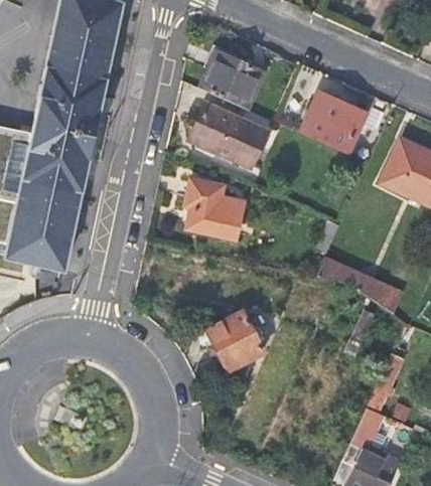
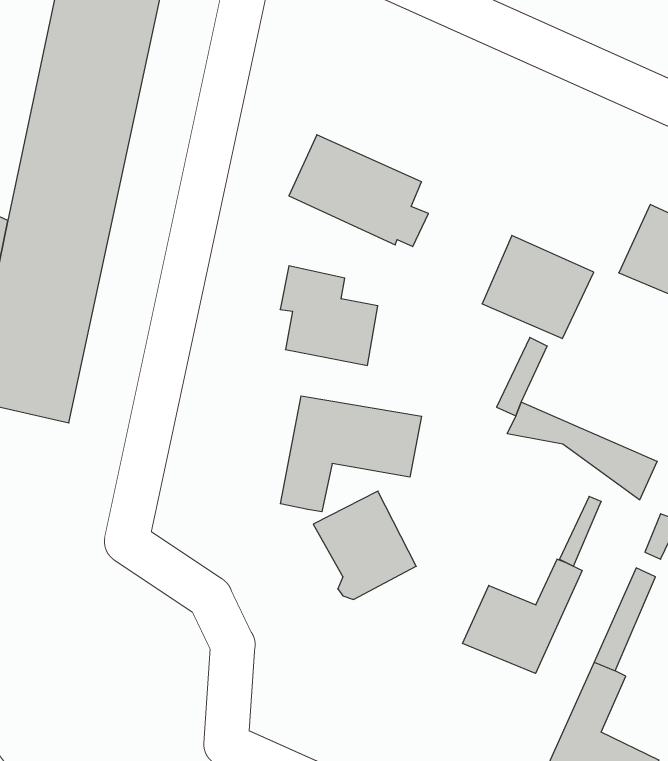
building: [200,51,263,108] -> none
building: [301,93,366,152] -> [482,236,594,339]
building: none -> [280,396,422,512]
building: none -> [463,559,582,673]

